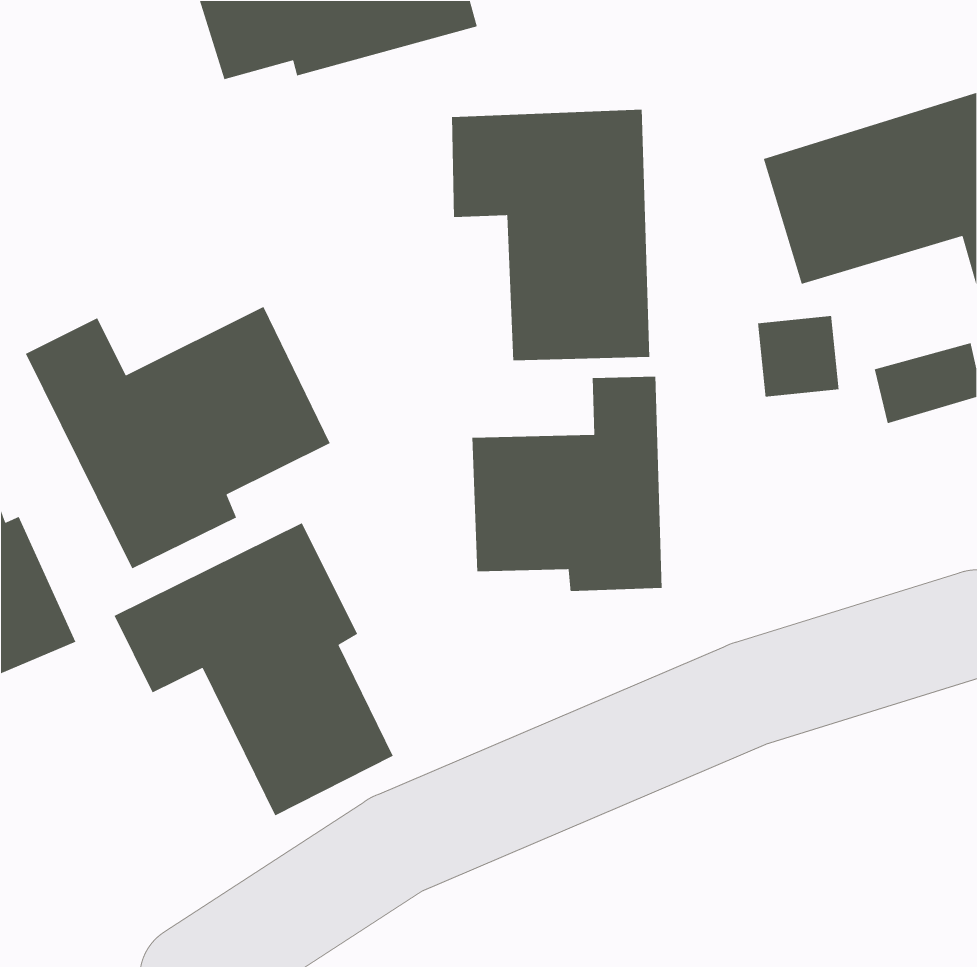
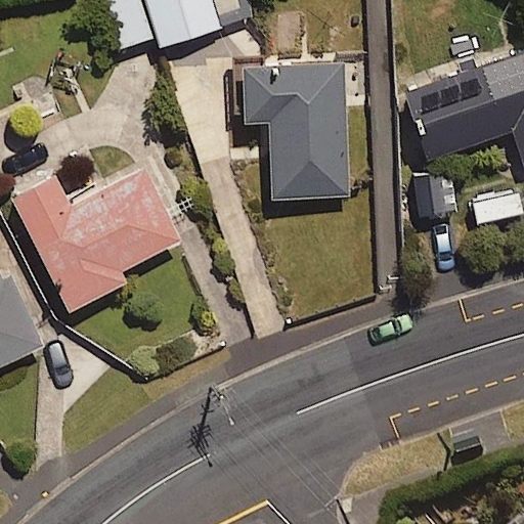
building: [472,376,663,592] -> none
building: [114,522,394,816] -> none

